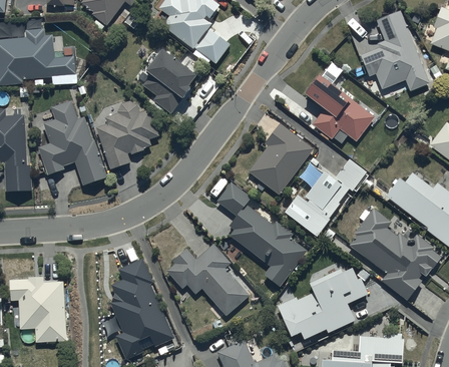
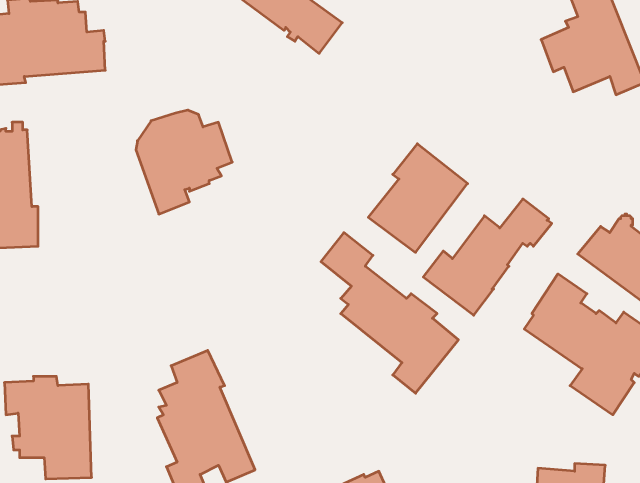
building: [142,47,195,113] -> none
building: [305,73,382,141] -> none
building: [38,100,107,185] -> none
building: [166,244,249,316] -> none
building: [277,267,368,339] -> none

